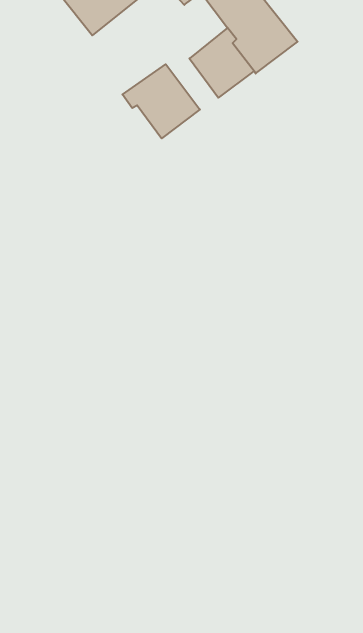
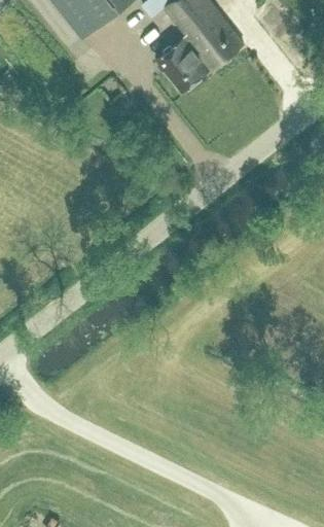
building: [122,64,200,138] -> none

